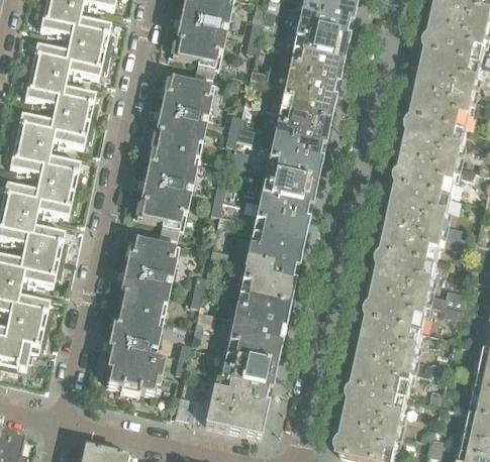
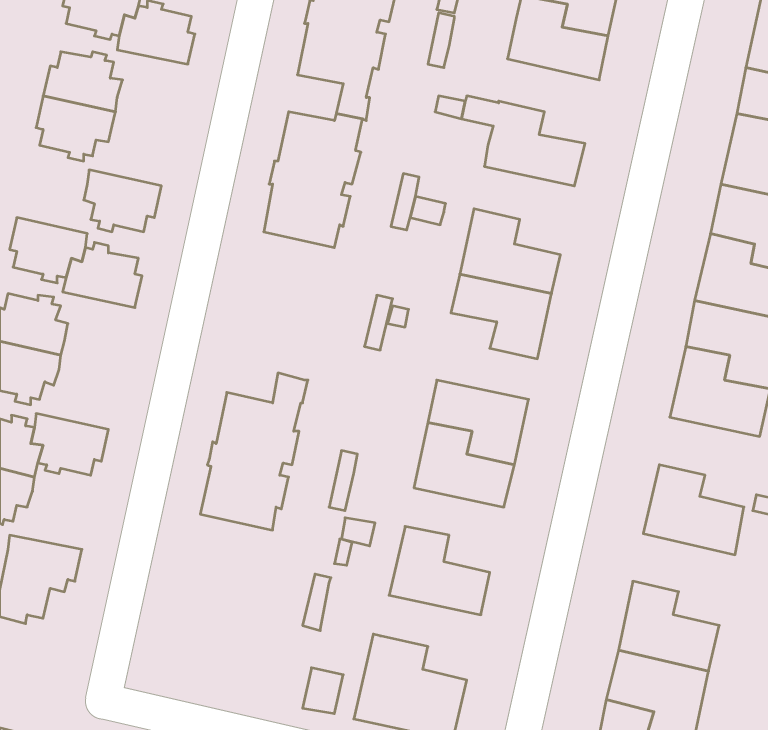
building: [65,41,109,76] -> none
building: [287,46,345,95] -> none
building: [53,83,98,119] -> none
building: [273,108,330,158] -> none
building: [11,111,56,146] -> none
building: [136,145,193,230] -> none
building: [33,180,79,215] -> none
building: [252,192,309,241] -> none
building: [22,221,68,258] -> none
building: [379,251,436,303] -> none
building: [7,291,53,327] -> none
building: [233,292,290,340] -> none
building: [105,307,178,397] -> none
building: [364,318,422,370] -> none
building: [219,353,277,401] -> none

